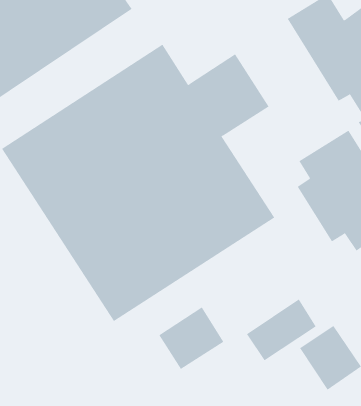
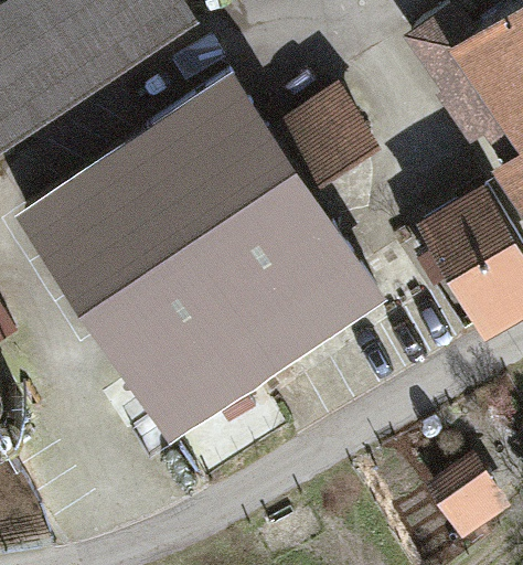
building: [246,298,317,361] -> none
building: [158,307,224,370] -> none

